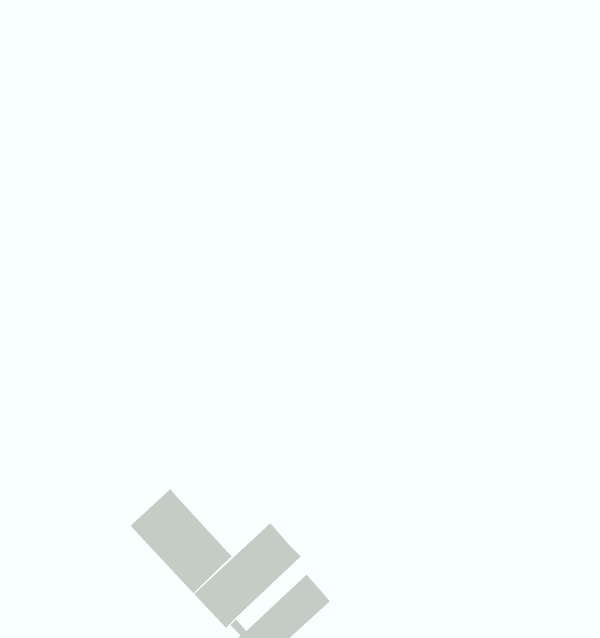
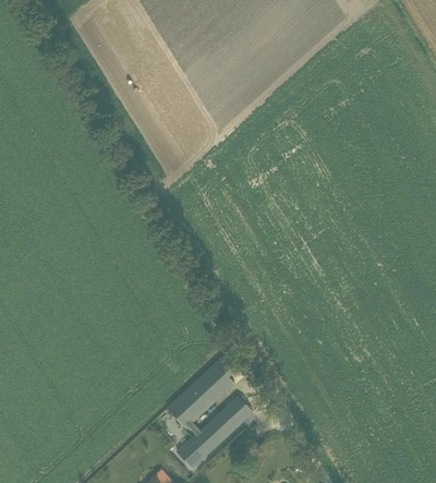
building: [130,488,232,594] -> none

